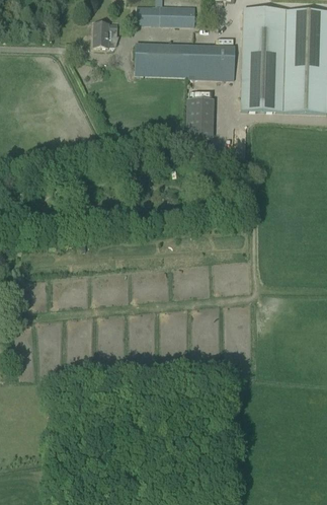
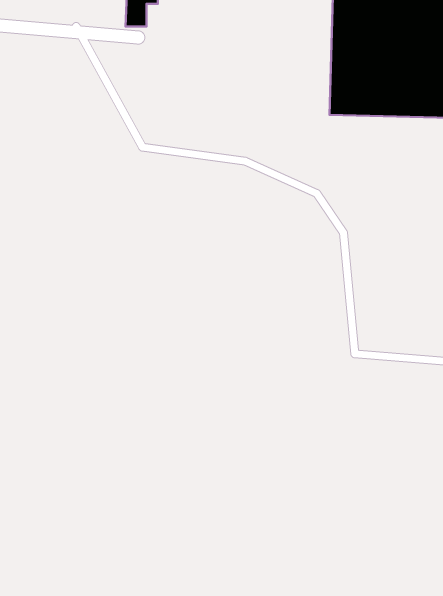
building: [134,44,234,78] -> none
building: [187,97,215,138] -> none

